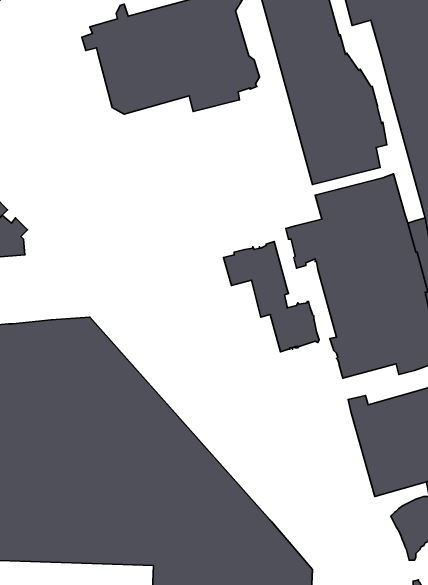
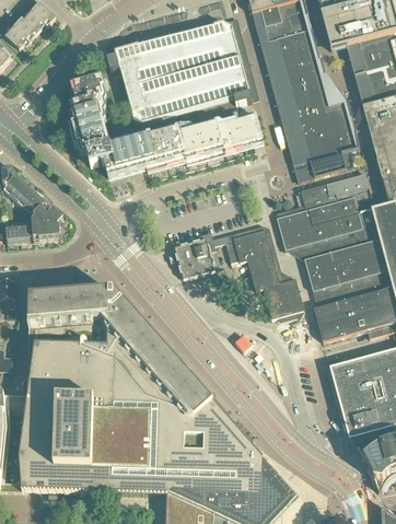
building: none -> [69,74,264,178]
building: none -> [174,237,214,277]

